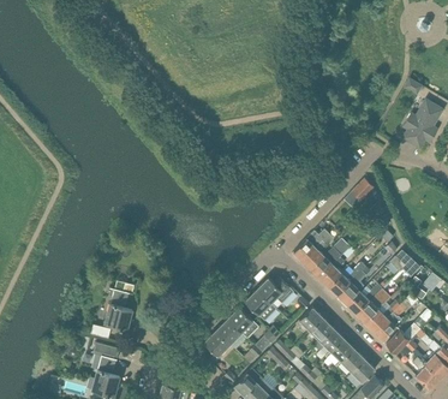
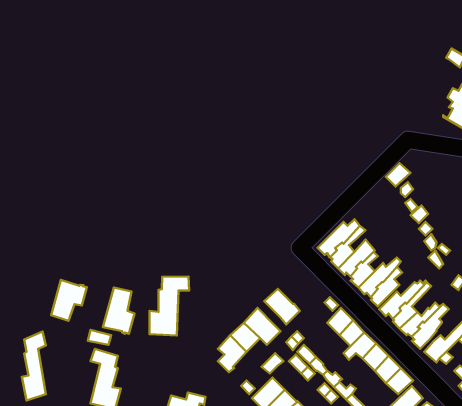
building: [257,279,294,305] -> none
building: none -> [149,276,189,335]
building: none -> [51,280,87,321]
building: none -> [22,332,46,400]

